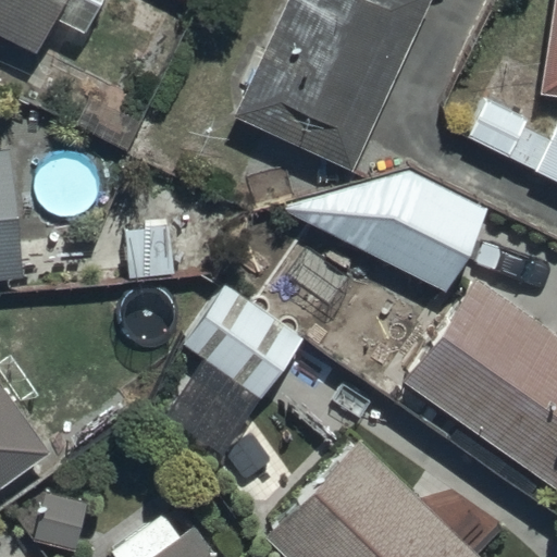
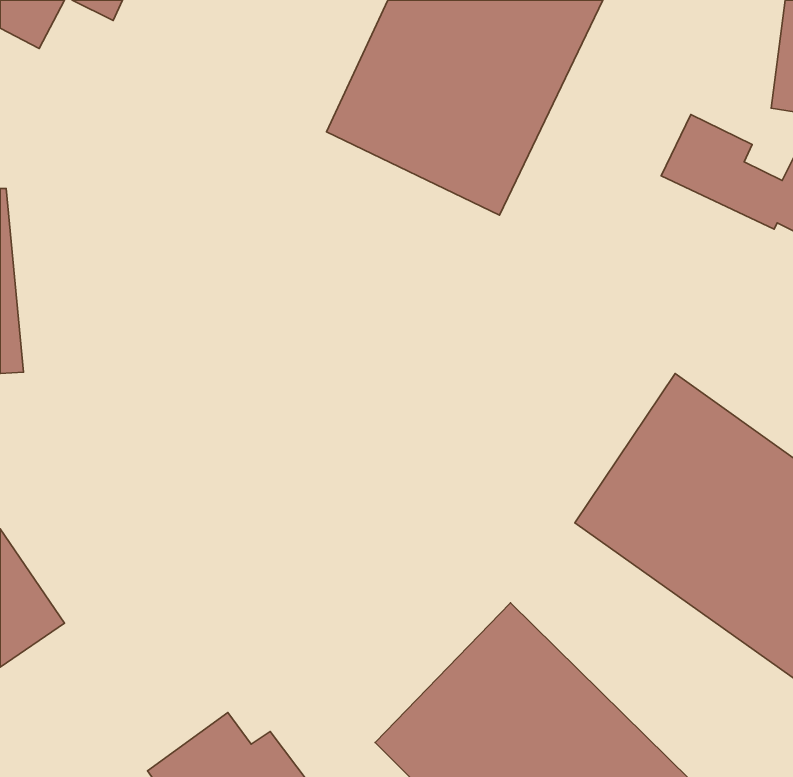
building: [284,168,485,292] -> none
building: [163,283,302,455] -> none

